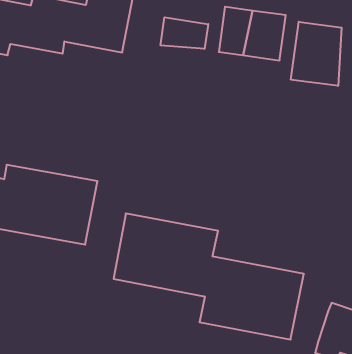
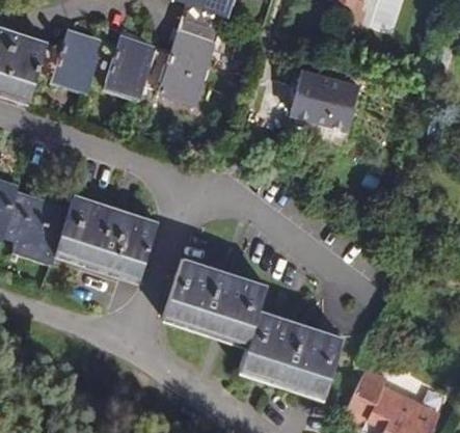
building: [161,17,208,49] -> none
building: [291,22,342,86] -> none

